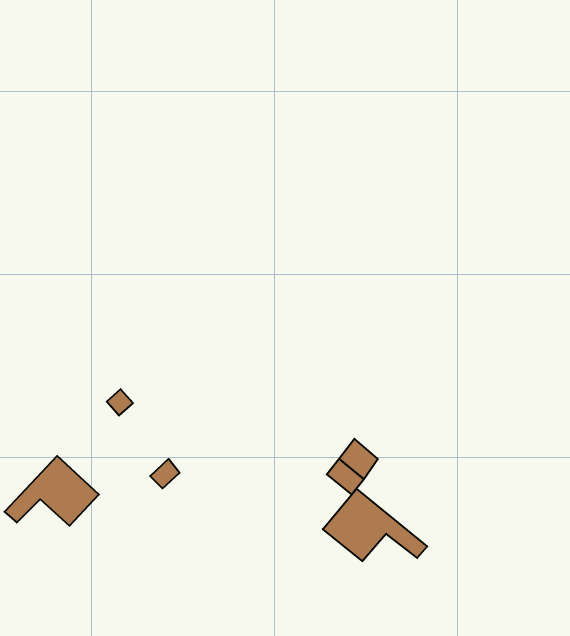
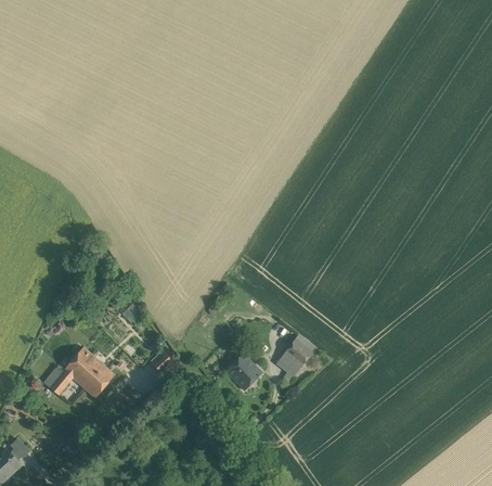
building: none -> [224,353,261,389]
building: [323,489,427,561] -> none

